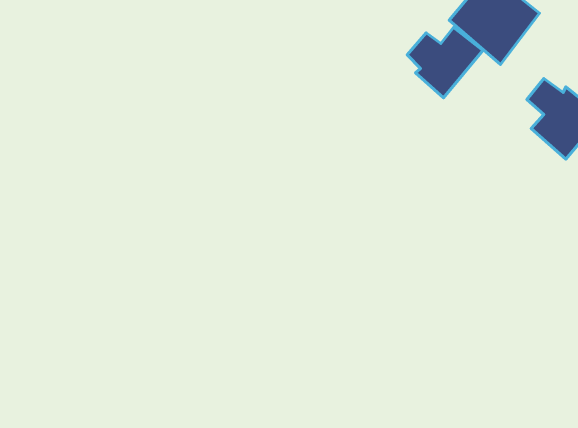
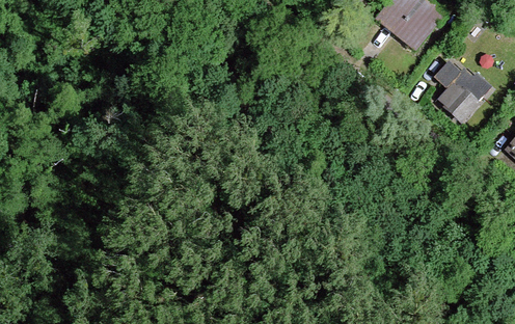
building: [407,28,483,98] -> none

